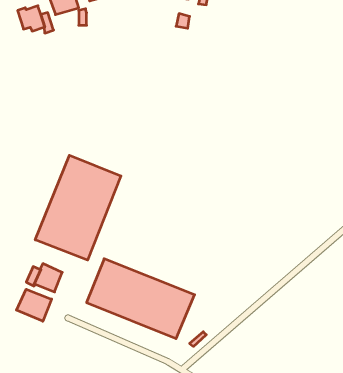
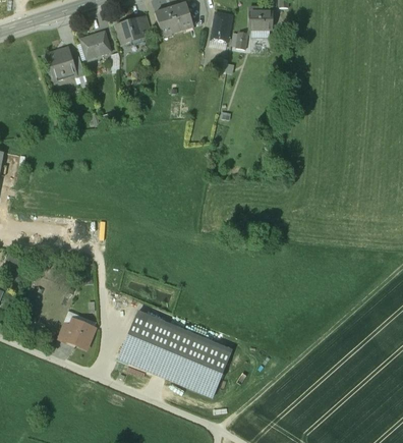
building: [35,155,121,260] -> none
building: [16,289,52,321] -> none

